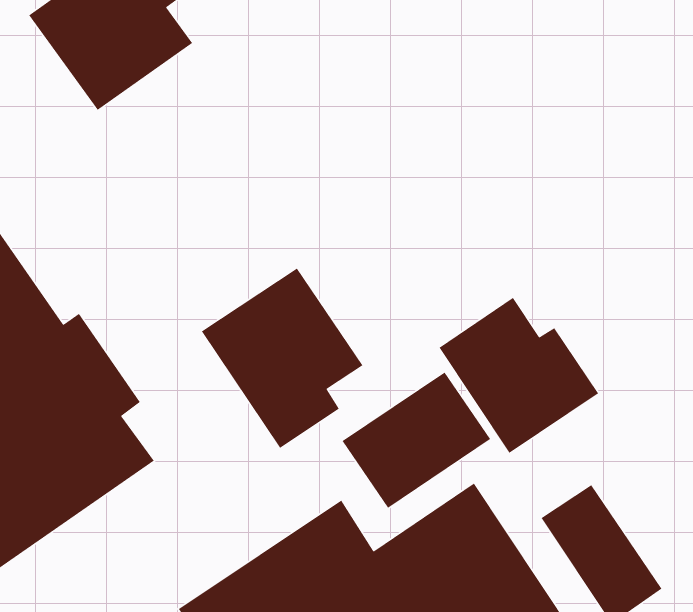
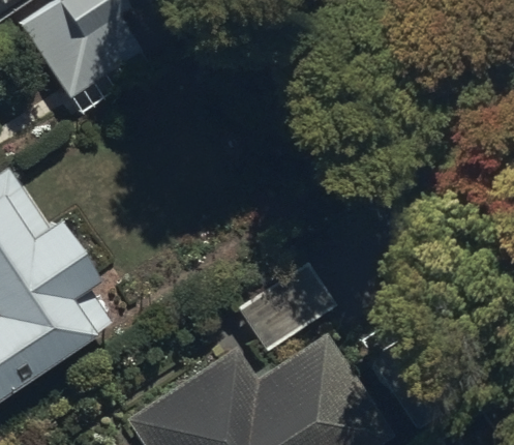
building: [201,268,364,449] -> none
building: [439,297,599,454] -> none

